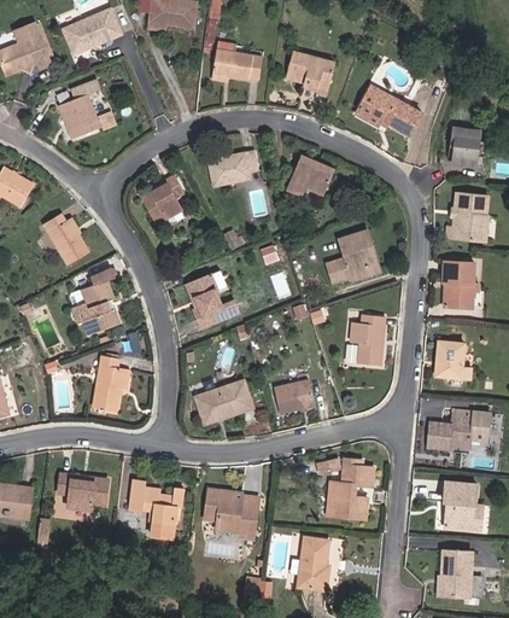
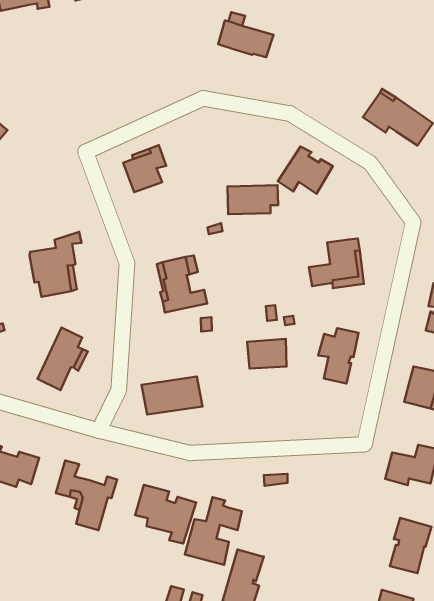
building: [282,52,332,97] -> none
building: [59,78,101,136] -> none
building: [207,151,257,185] -> [227,185,278,214]
building: [42,212,87,263] -> none
building: [273,379,312,412] -> [247,339,287,369]
building: [327,457,373,518] -> [185,497,242,565]

